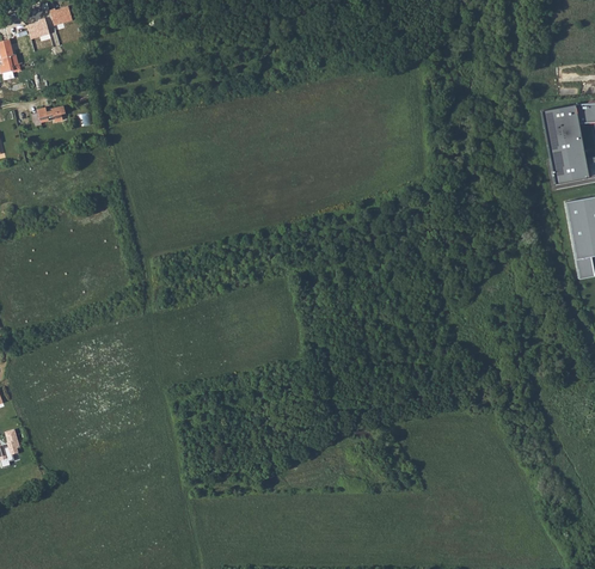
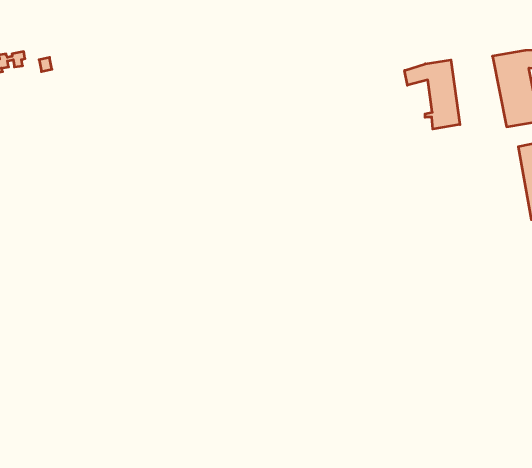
building: none -> [405,60,460,129]

